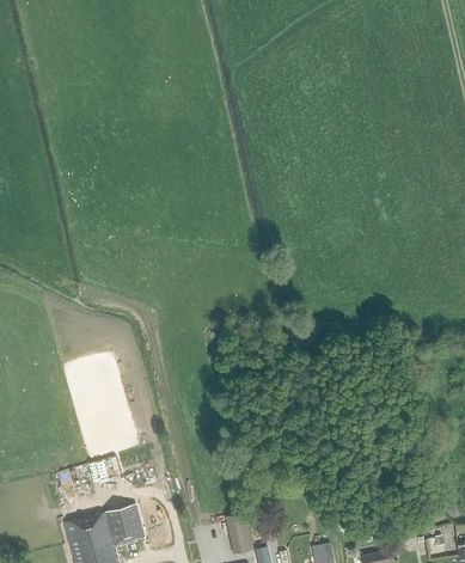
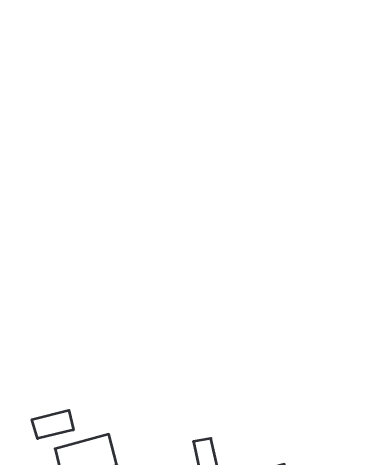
building: none -> [32,410,73,439]

